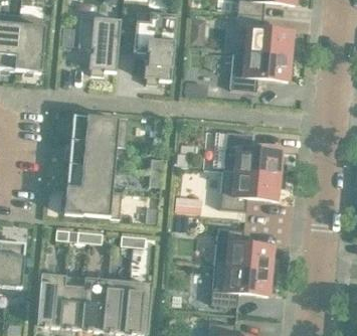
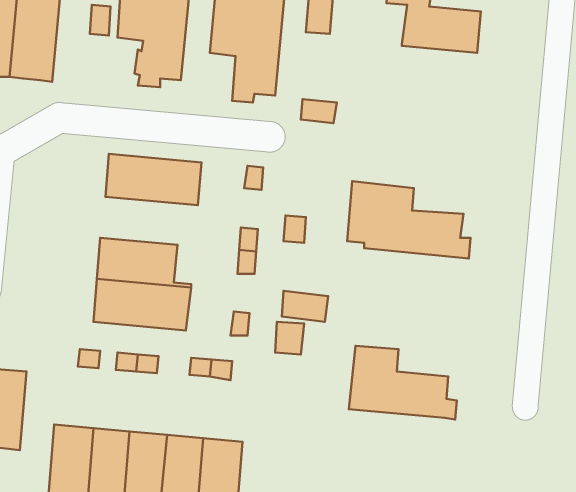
building: [230,49,290,91] -> none
building: [68,140,126,168] -> none
building: [219,170,285,210] -> none
building: [211,265,271,306] -> none

